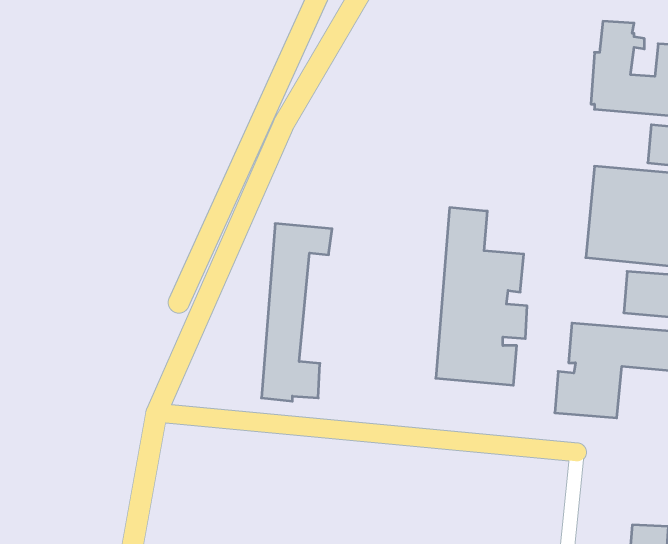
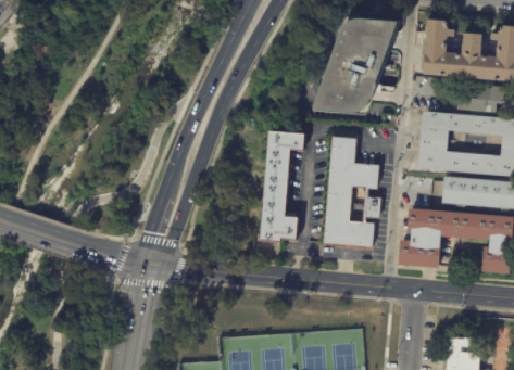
building: none -> [313,15,399,110]
building: [261,224,332,401] -> [260,129,304,241]

